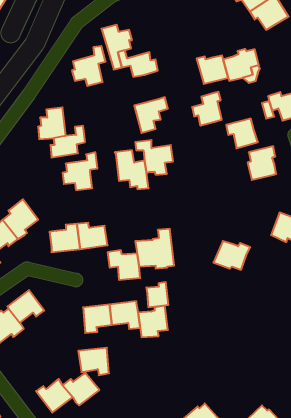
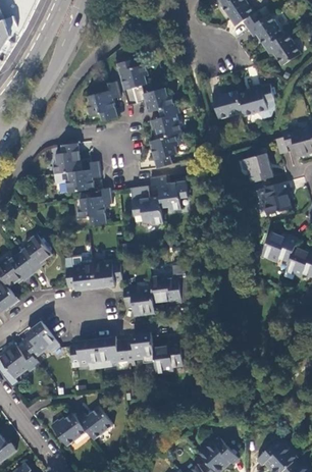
building: [192,92,222,126] -> [150,104,179,138]
building: [213,241,250,270] -> [261,232,298,261]
building: [146,282,168,307] -> none
building: [78,348,109,375] -> [69,342,100,369]

